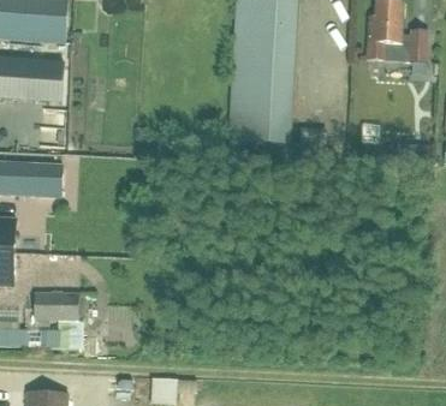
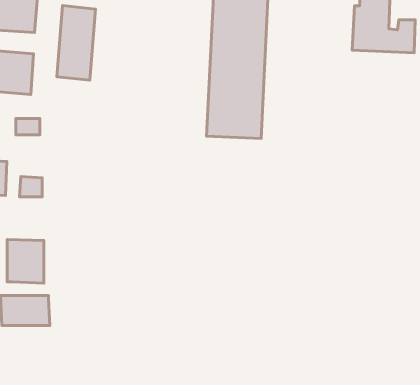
building: none -> [57,6,96,80]
building: none -> [7,239,44,283]

